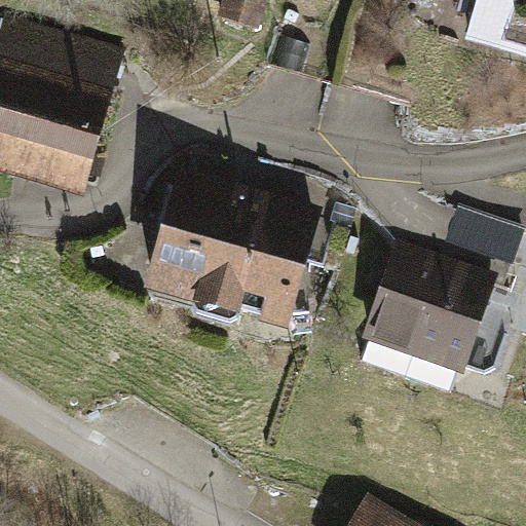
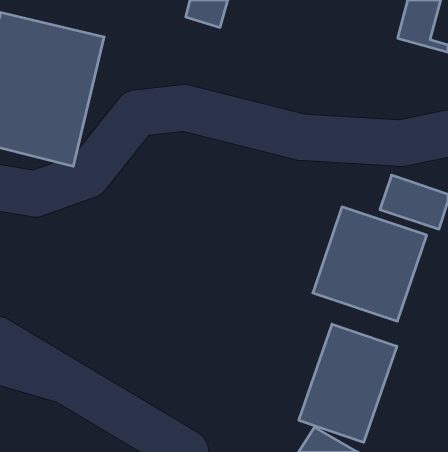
building: [145,168,323,332] -> none
building: none -> [299,324,397,442]

